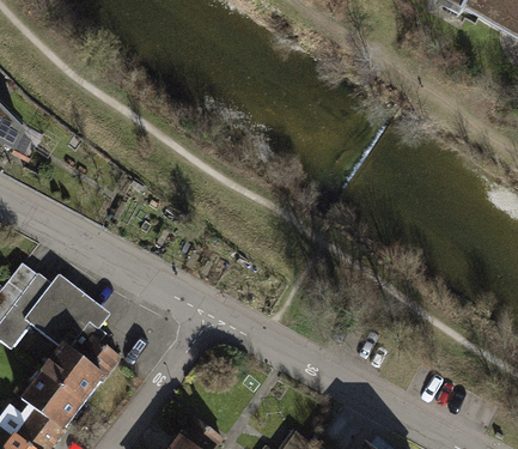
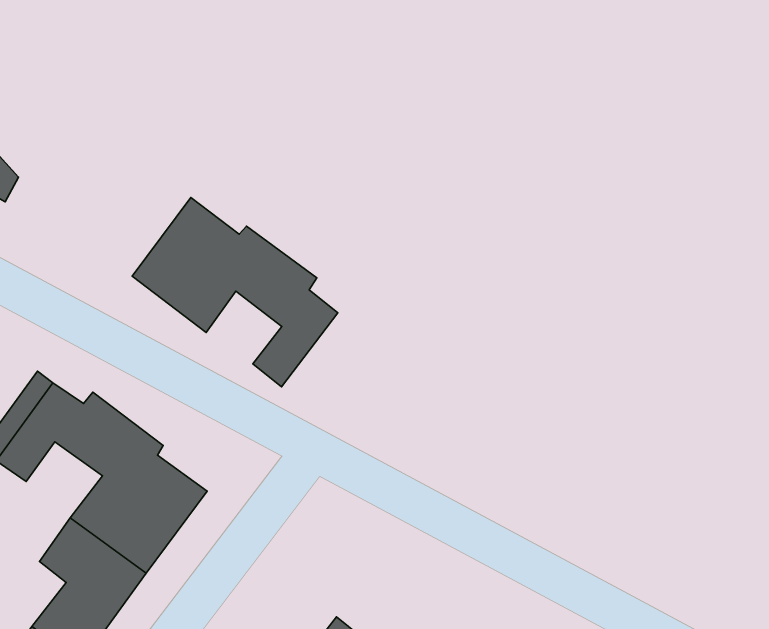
building: none -> [132,197,338,387]

